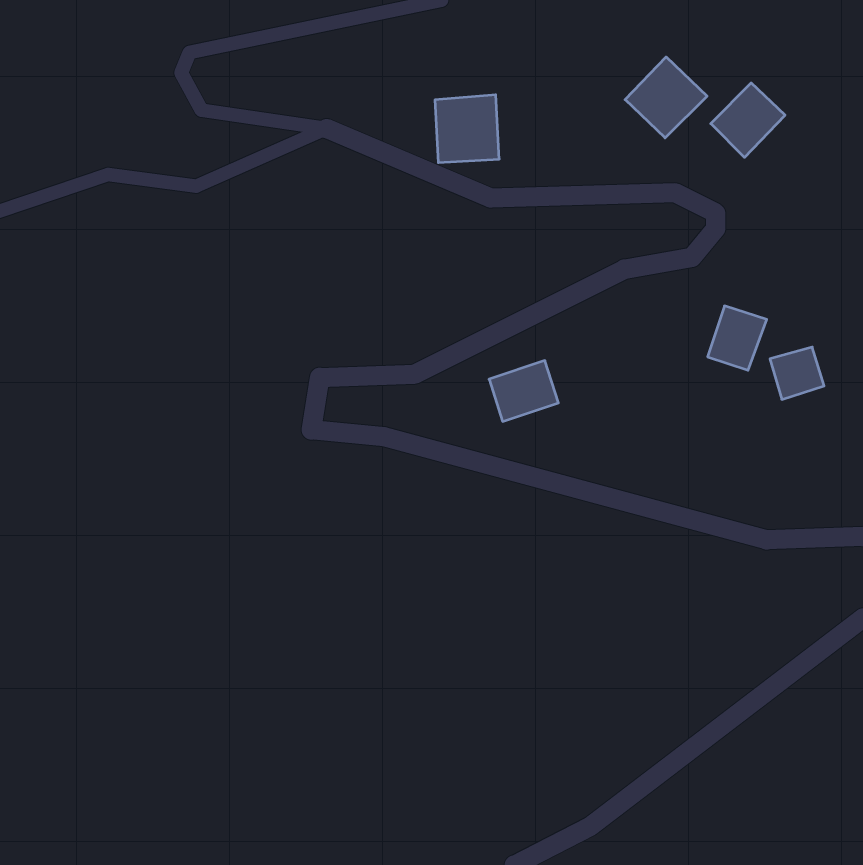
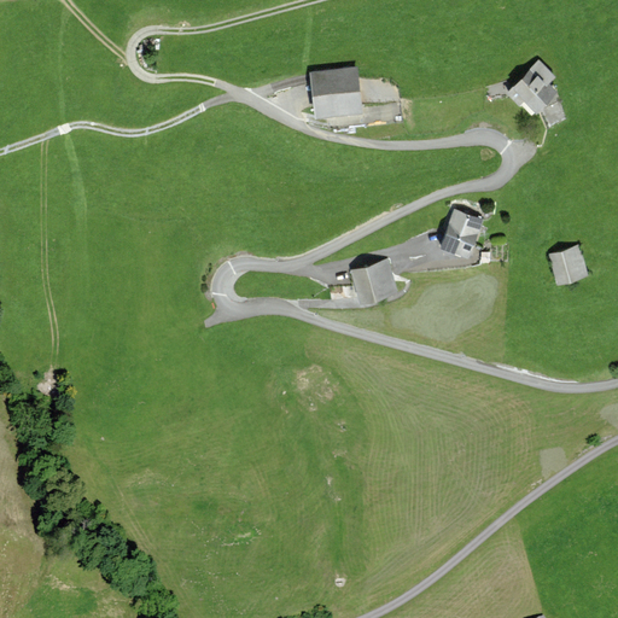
building: [625,57,707,138] -> none
building: [708,306,767,370] -> [442,209,484,255]

